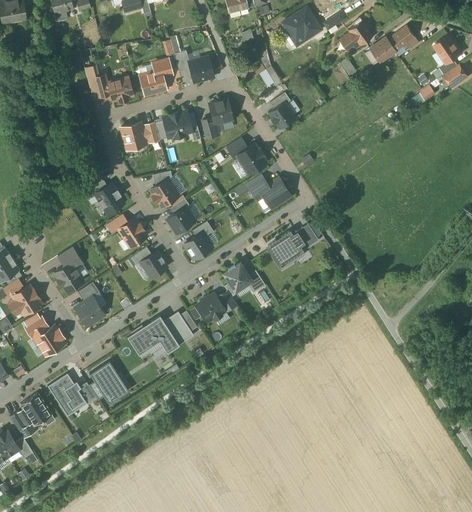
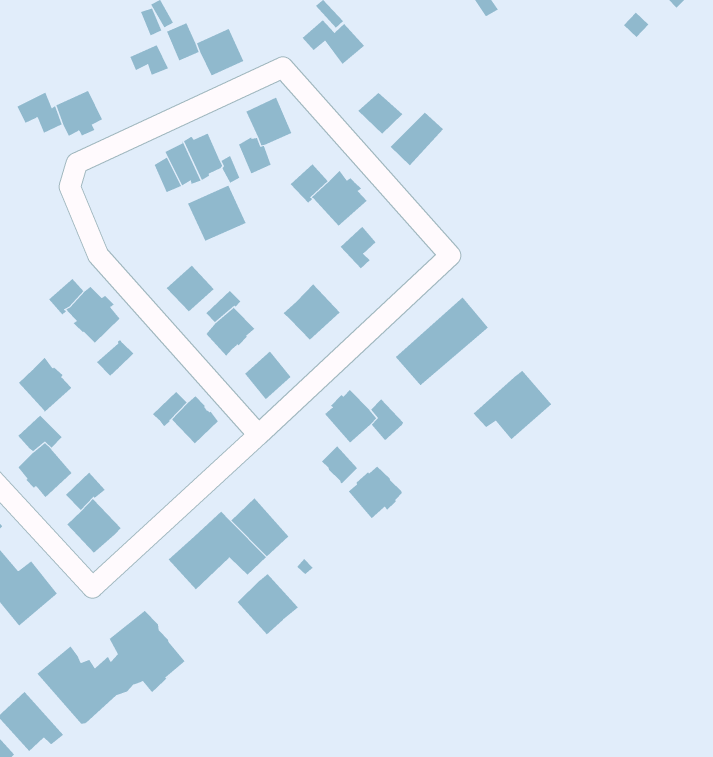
building: [140,69,167,94] -> none
building: none -> [390,112,444,166]
building: [118,121,148,149] -> [187,185,247,241]
building: [260,177,291,207] -> [283,284,341,340]
building: [119,217,148,246] -> [18,358,73,412]
building: none -> [473,370,552,440]
building: [197,293,226,321] -> [348,466,403,519]
building: none -> [237,573,300,635]

